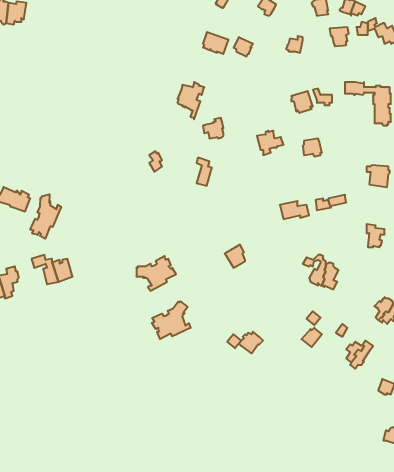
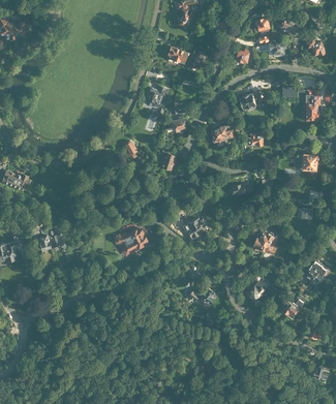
building: [30,194,61,239] -> none
building: [152,301,191,339] -> none

